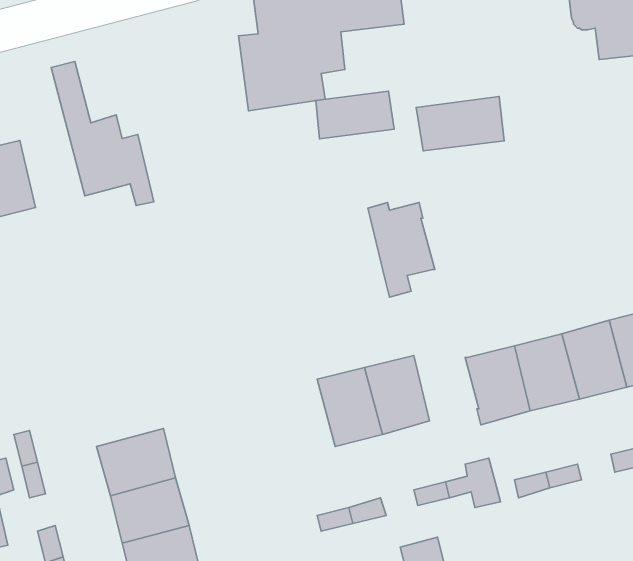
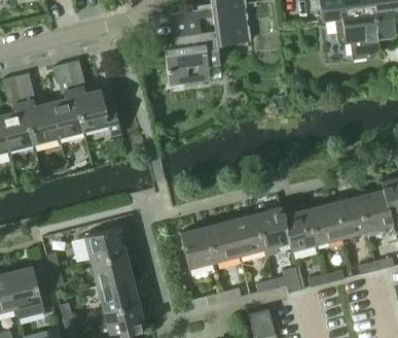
building: none -> [50,64,84,137]
building: [316,91,394,139] -> none
building: [416,96,504,151] -> none
building: [368,202,435,297] -> [255,207,290,257]
building: none -> [84,227,125,262]
building: none -> [180,227,215,268]

